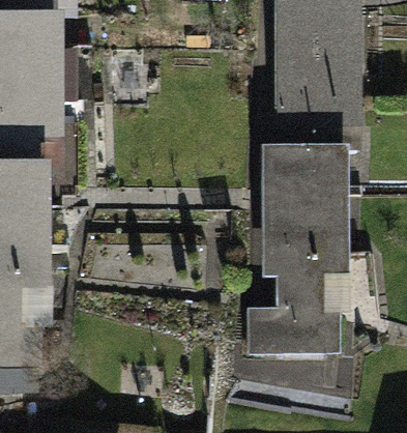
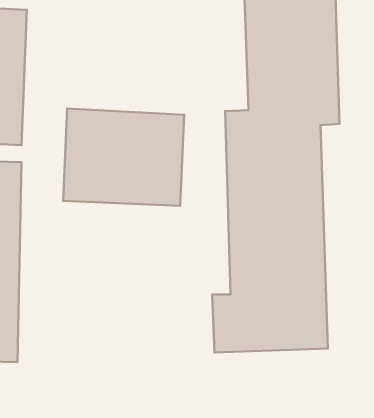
building: none -> [63,109,184,206]

